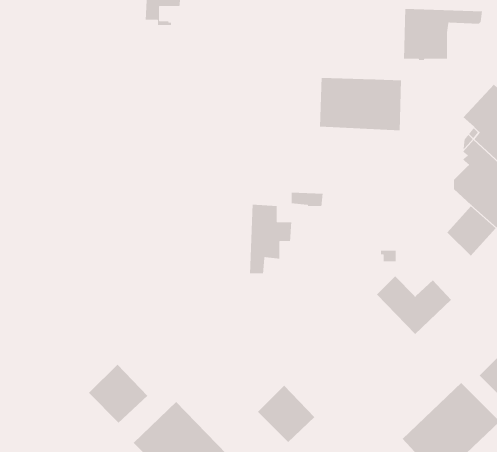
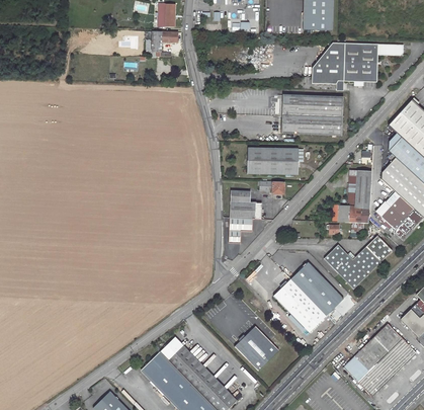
building: none -> [313,43,345,95]
building: none -> [247,147,299,173]
building: none -> [333,169,371,222]
building: none -> [273,261,343,331]
building: [88,364,148,423] -> none

